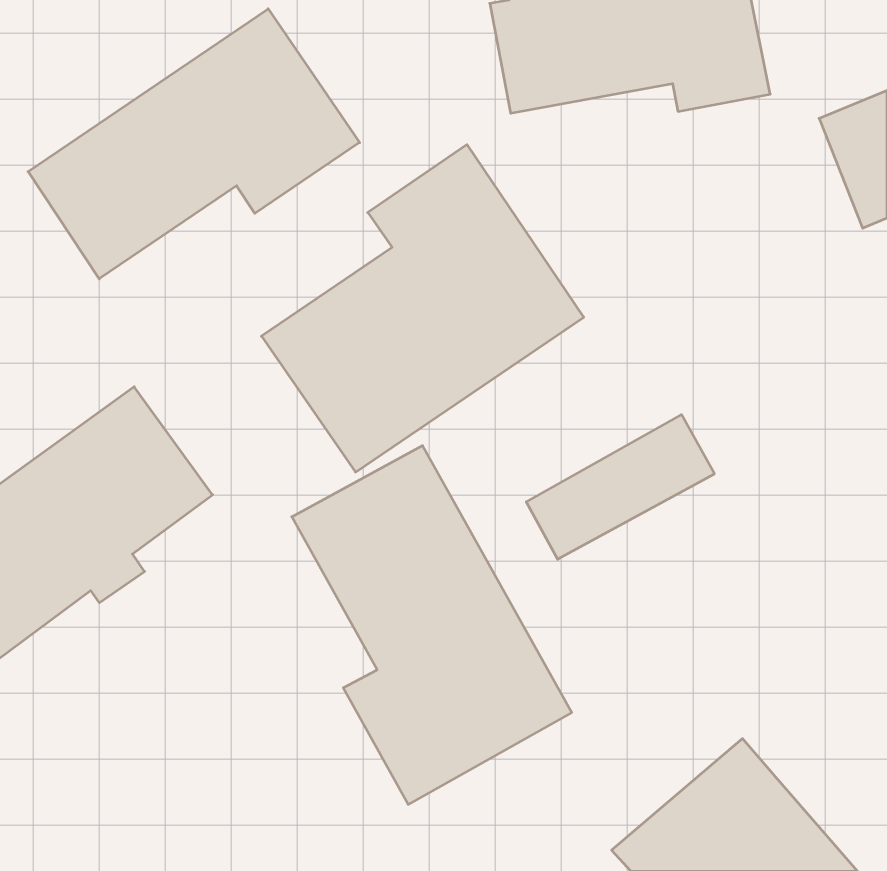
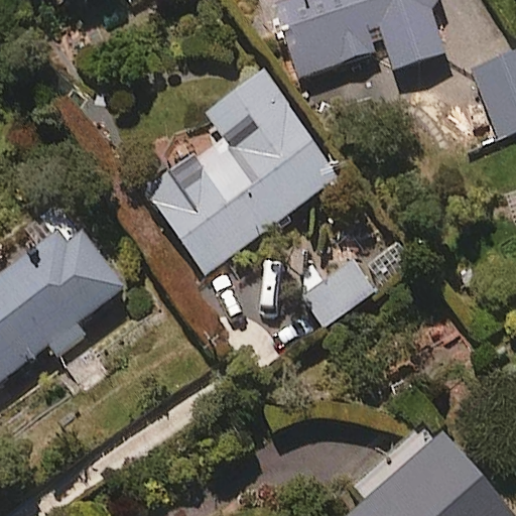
building: [28,9,360,279] -> none
building: [292,446,572,804] -> none

